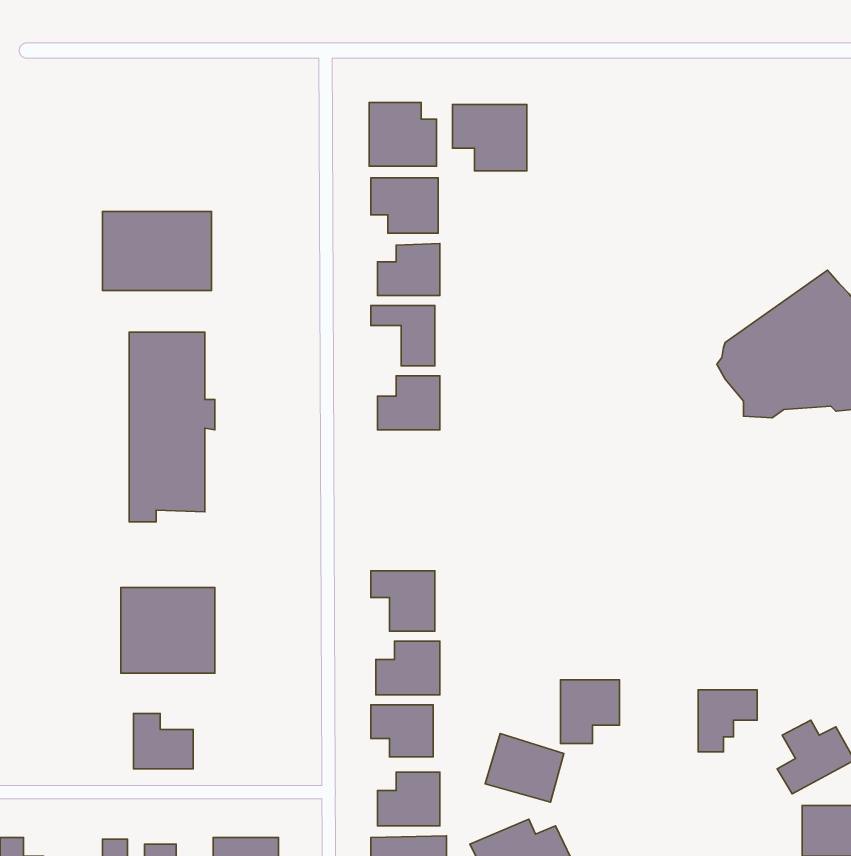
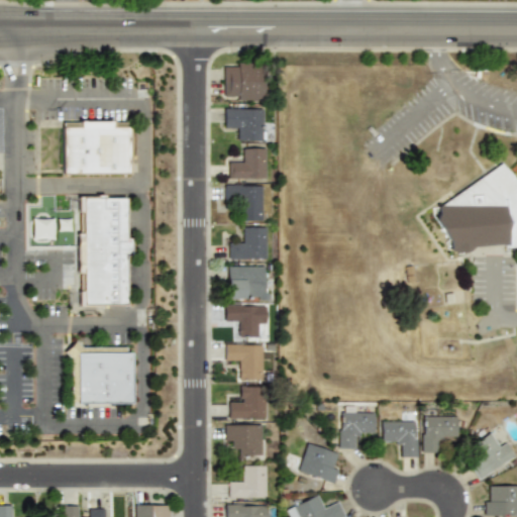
building: [452,105,527,171] -> none
building: none -> [34,219,56,240]
building: none -> [227,267,271,300]
building: none -> [226,305,269,337]
building: none -> [384,413,419,457]
building: [134,713,193,769] -> none

